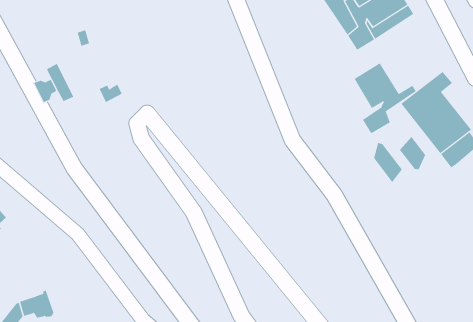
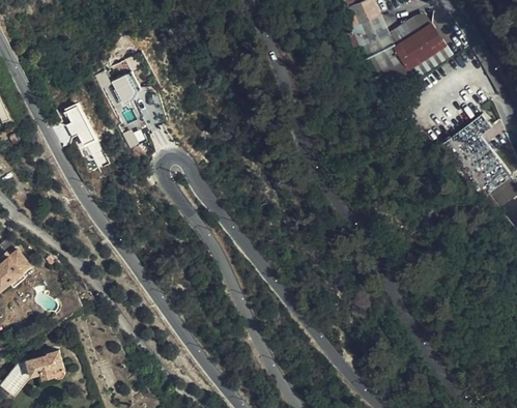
building: none -> [113,72,141,103]
building: [354,62,417,134] -> none
building: [399,136,426,170] -> none
building: [373,142,402,183] -> none

